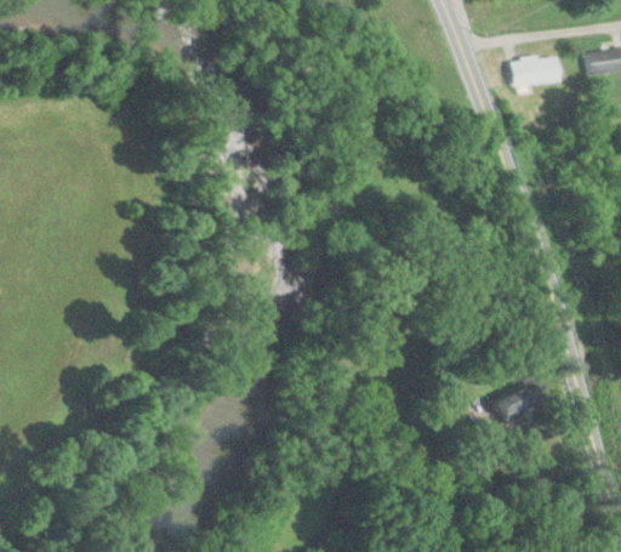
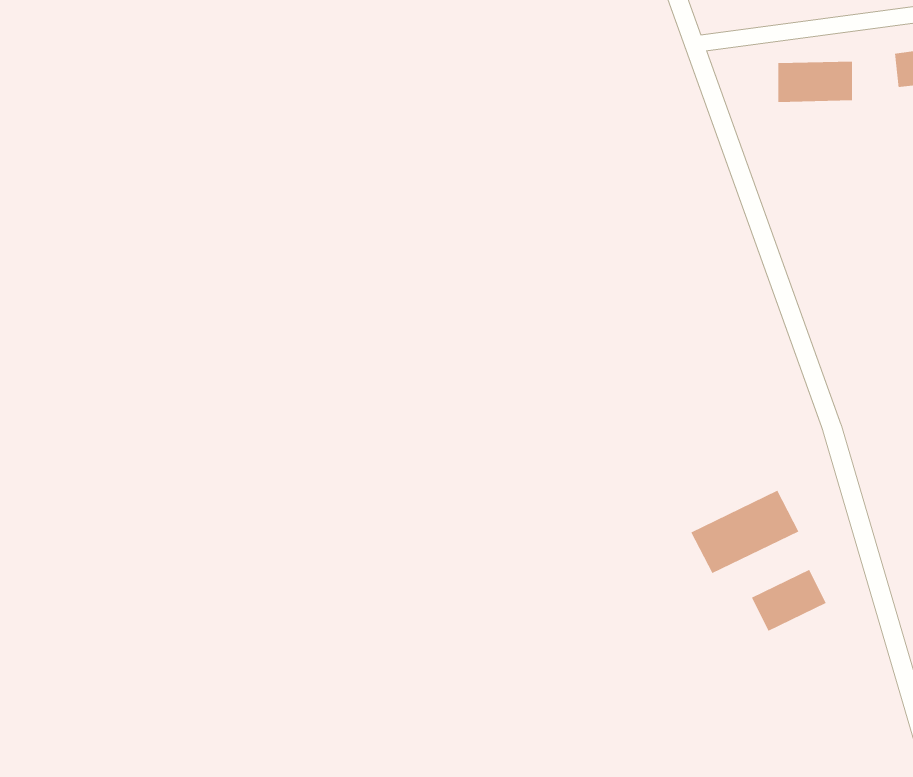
building: none -> [691,490,799,574]

